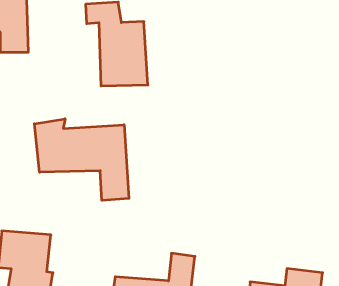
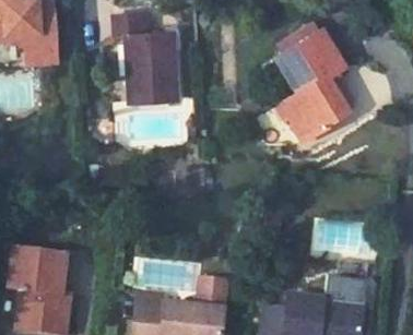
building: none -> [282,32,349,143]
building: [34,119,129,200] -> none

